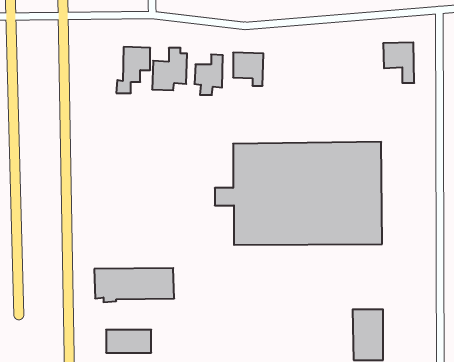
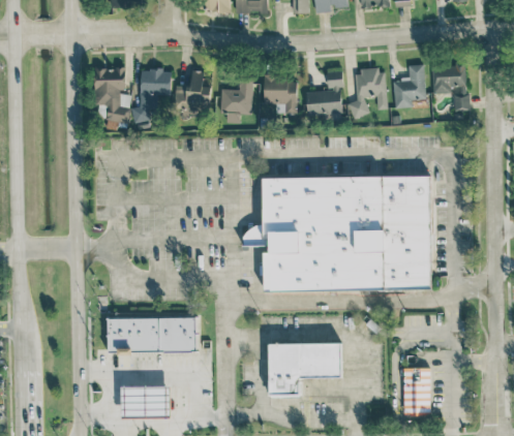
building: none -> [393,64,425,107]
building: none -> [94,66,131,123]
building: none -> [351,69,387,116]
building: none -> [306,71,343,115]
building: none -> [265,343,339,397]

